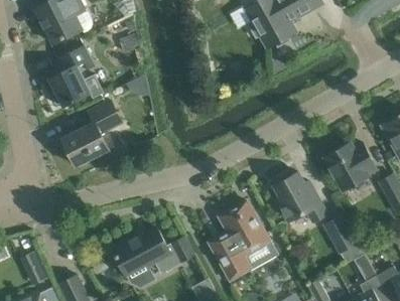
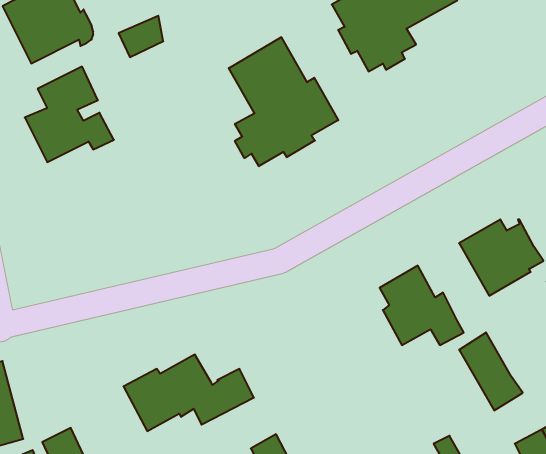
building: none -> [229,37,338,166]
building: [61,101,130,166] -> none
building: [209,201,276,280] -> none

